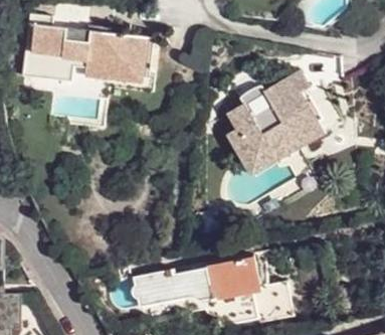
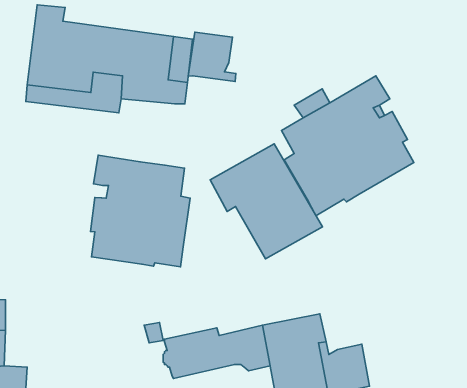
building: none -> [188,32,236,82]
building: none -> [210,144,322,259]
building: none -> [90,155,190,267]

